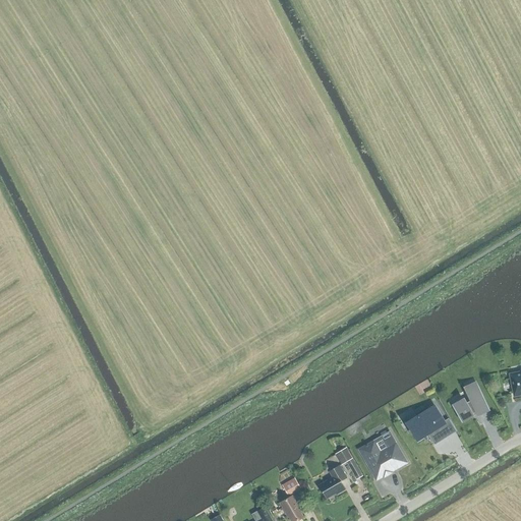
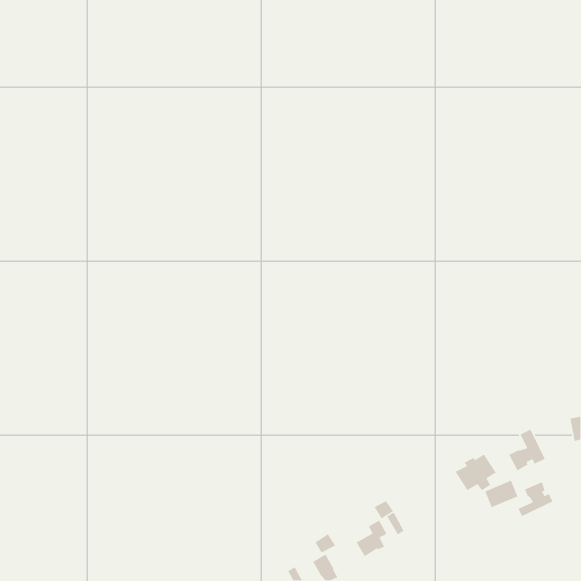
building: none -> [518,481,554,517]
building: [358,431,405,478] -> none

